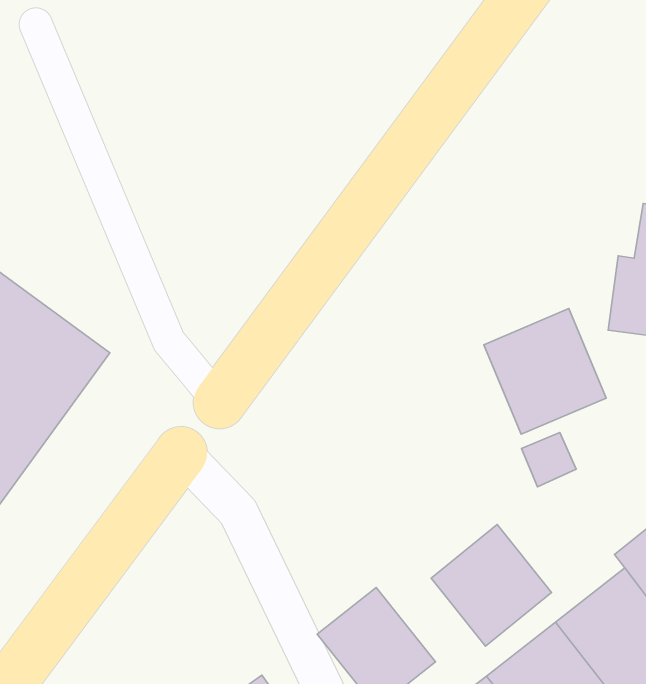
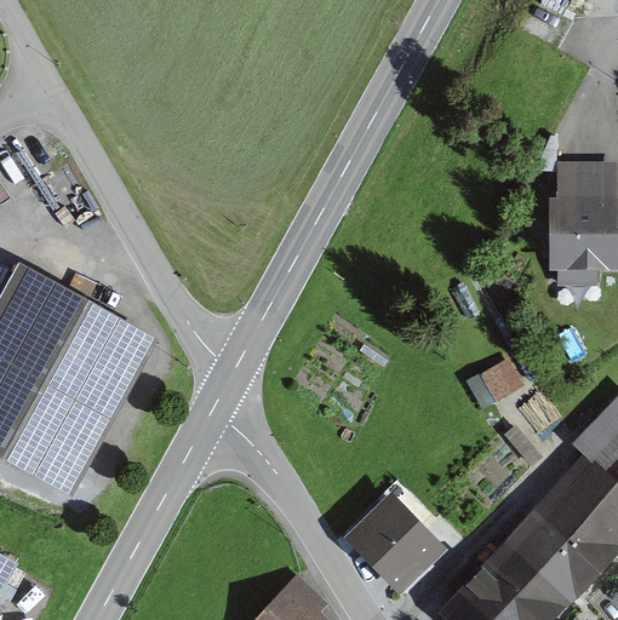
building: [484,309,606,434] -> none
building: [431,524,552,646] -> none

